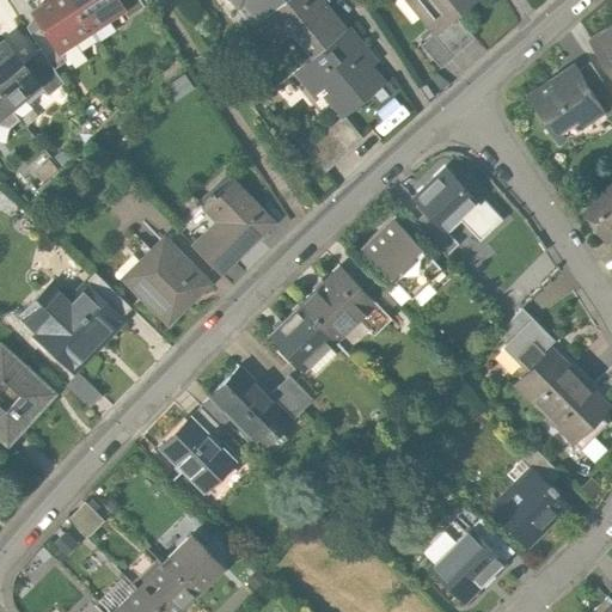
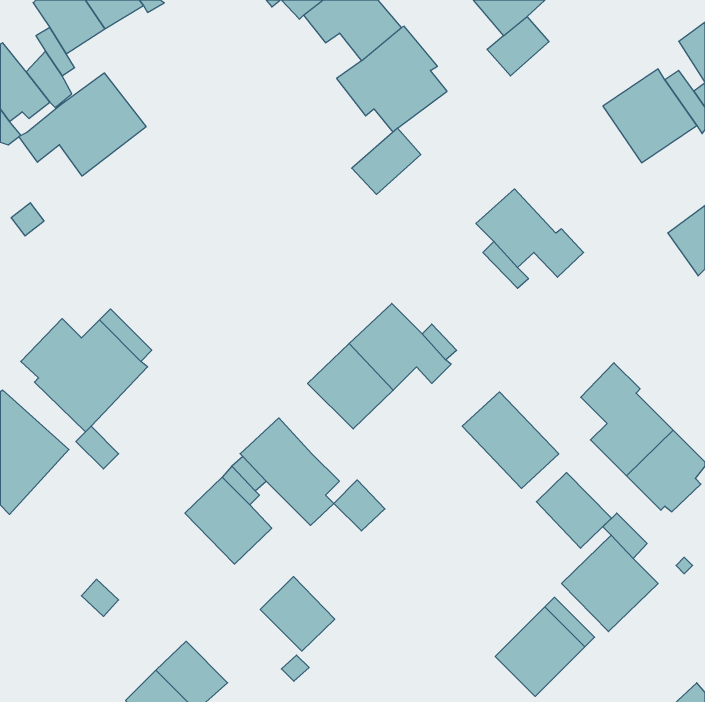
building: none -> [19,73,146,176]
building: [191,177,277,276] -> none
building: [361,215,445,299] -> [462,392,559,488]
building: [121,233,214,326] -> none
building: [270,375,314,420] -> [334,480,385,531]
building: none -> [536,473,612,548]
building: [161,530,226,594] -> [260,577,335,651]

